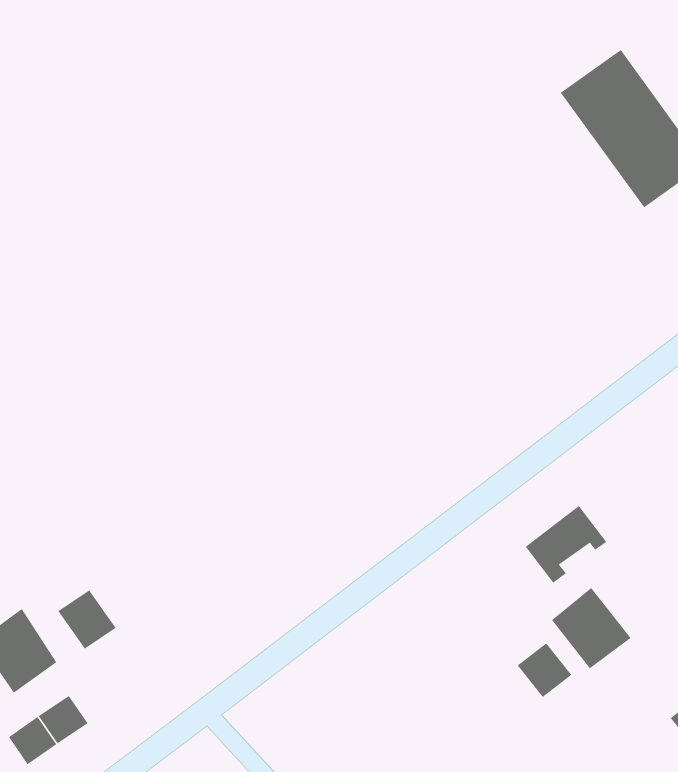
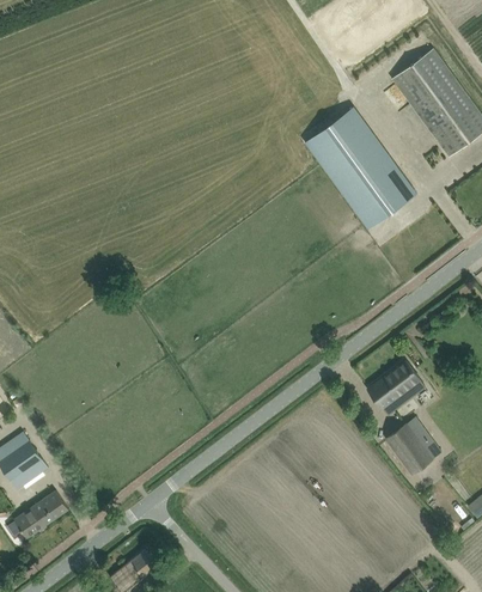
building: none -> [304,108,416,231]
building: [58,589,116,650] -> none
building: [517,642,572,698] -> none

